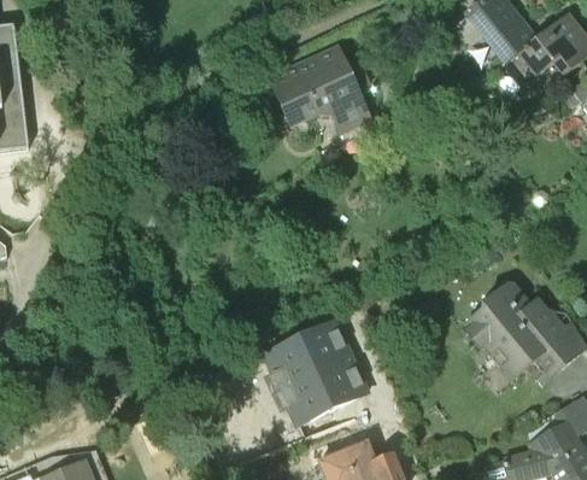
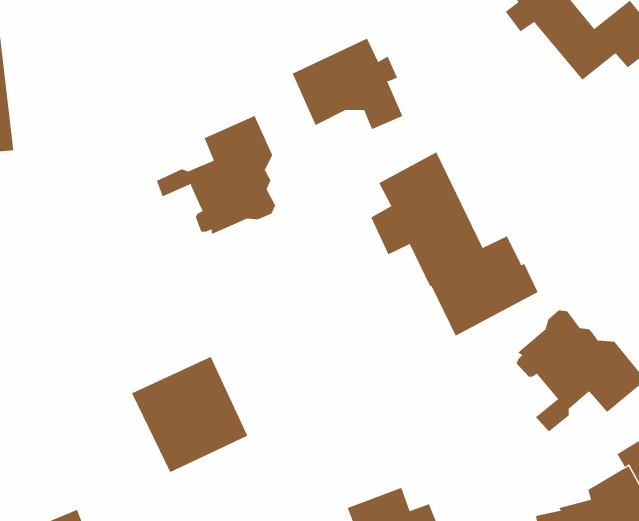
building: none -> [156,115,276,235]
building: none -> [371,151,539,336]
building: [263,321,365,423] -> [131,356,248,473]

